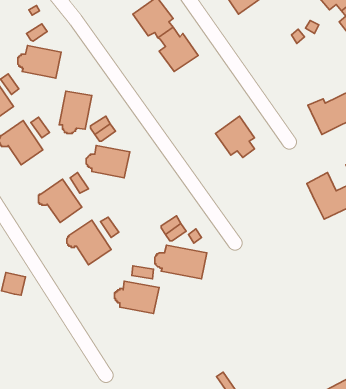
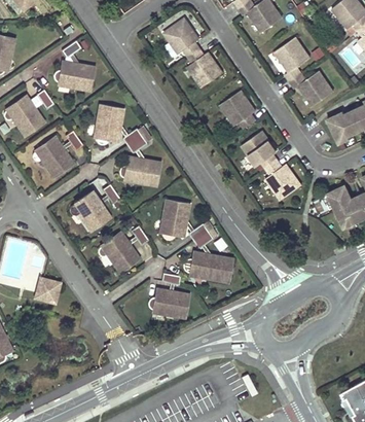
building: none -> [276,37,334,107]
building: none -> [218,91,256,128]
building: none -> [263,161,301,201]
building: none -> [158,201,189,241]

